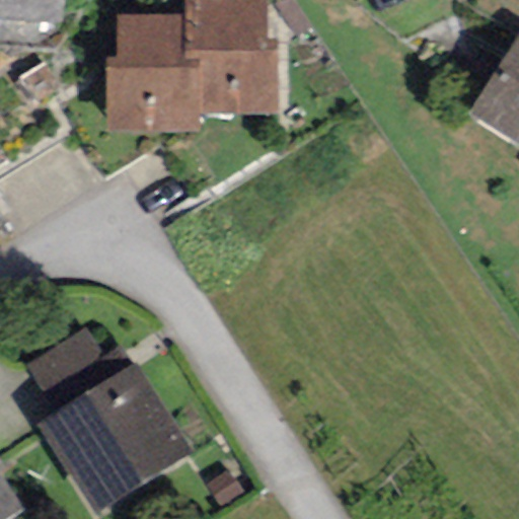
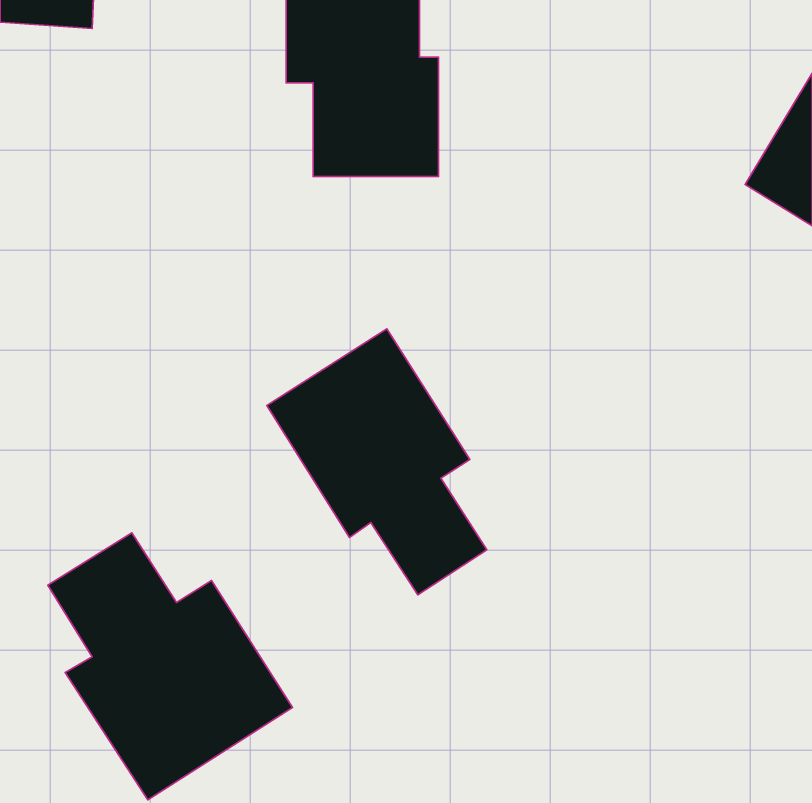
building: [105,11,200,128] -> none
building: none -> [267,329,487,595]

